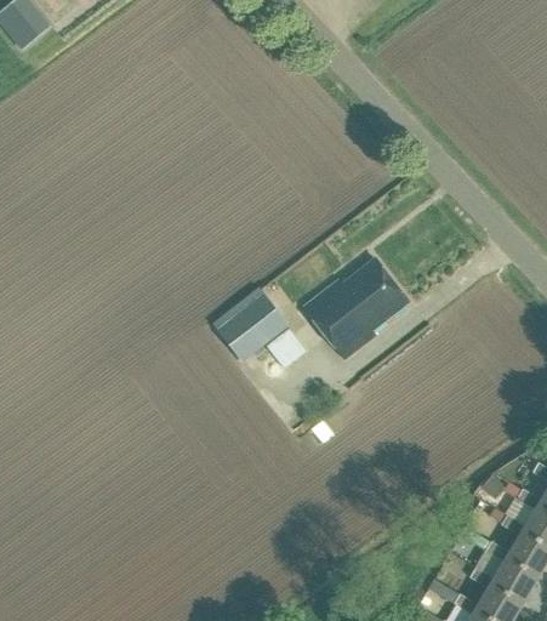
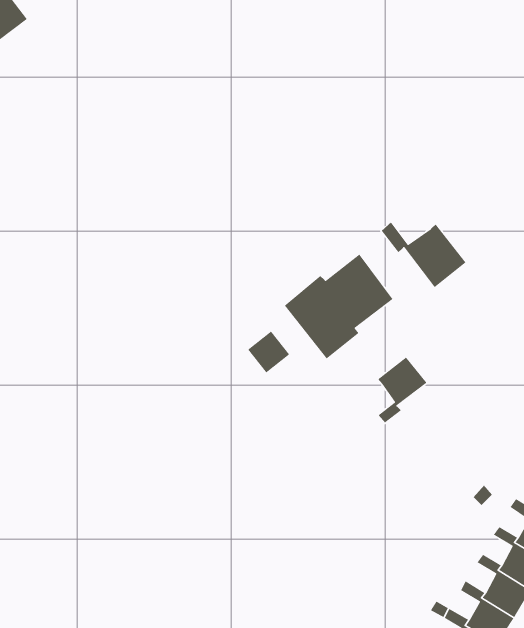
building: none -> [381,222,466,288]
building: [210,289,287,364] -> none
building: none -> [377,356,428,424]

